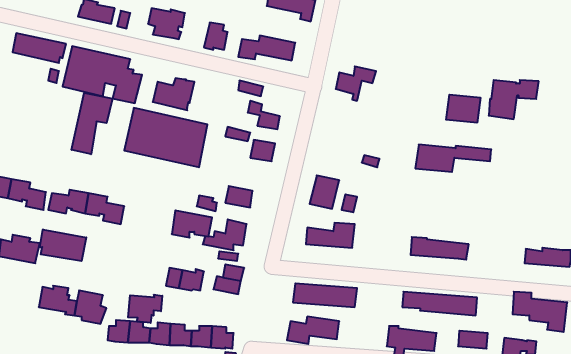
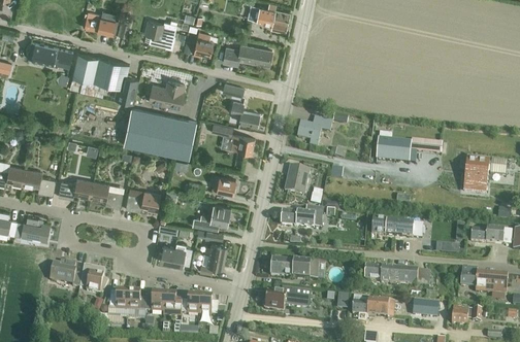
building: [336,66,376,101] -> [297,116,332,146]
building: [489,80,539,119] -> [463,159,507,193]
building: [72,93,112,154] -> none
building: [446,95,480,123] -> none
building: [172,210,212,238] -> [125,187,160,211]
building: [40,229,86,261] -> none
building: [128,295,162,323] -> none

